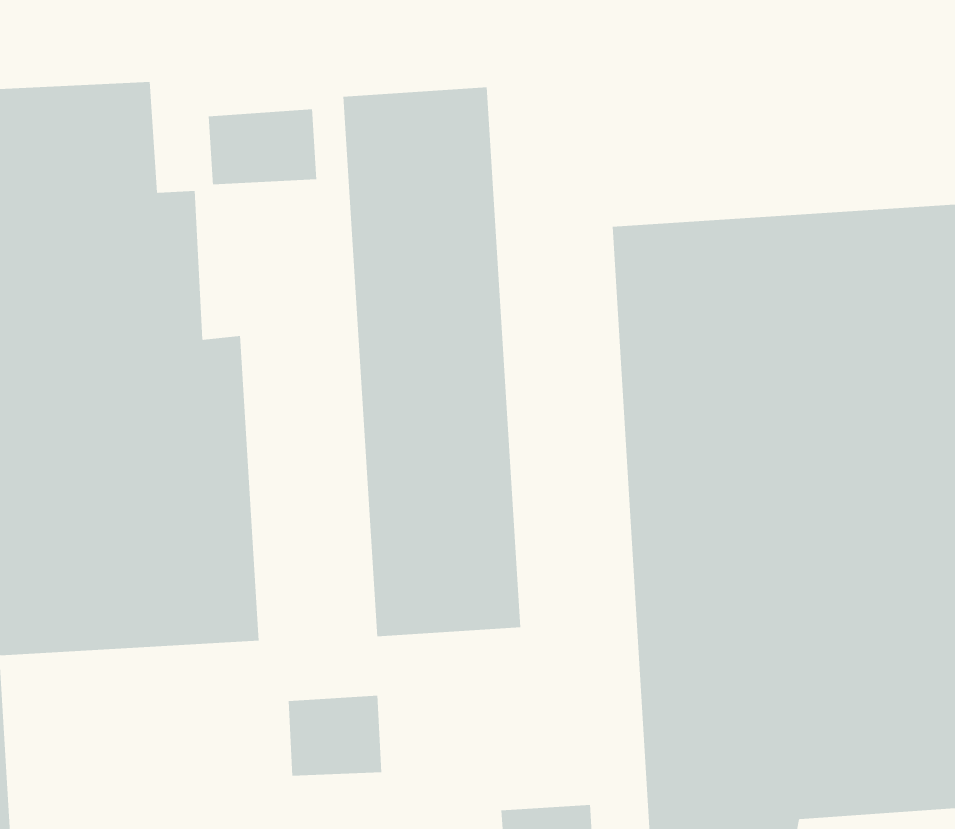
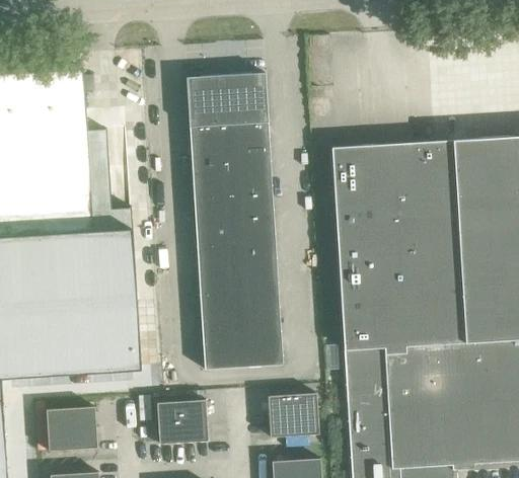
building: [208,109,317,185] -> none
building: none -> [267,393,318,437]
building: none -> [46,407,96,451]

